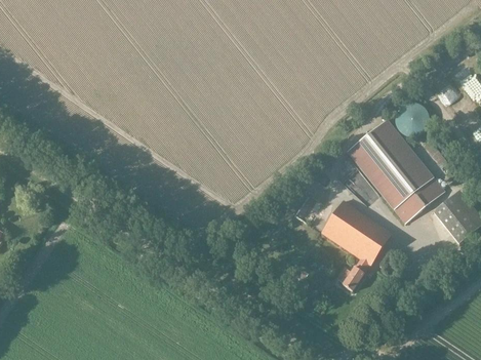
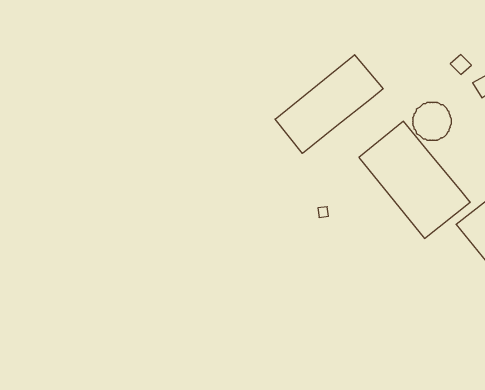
building: none -> [275,55,383,153]
building: [321,200,391,290] -> none

